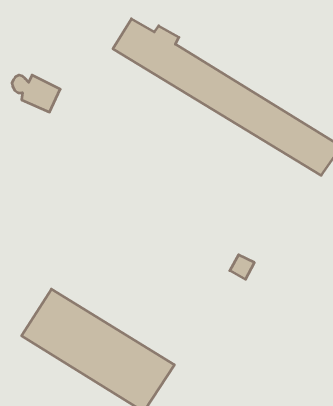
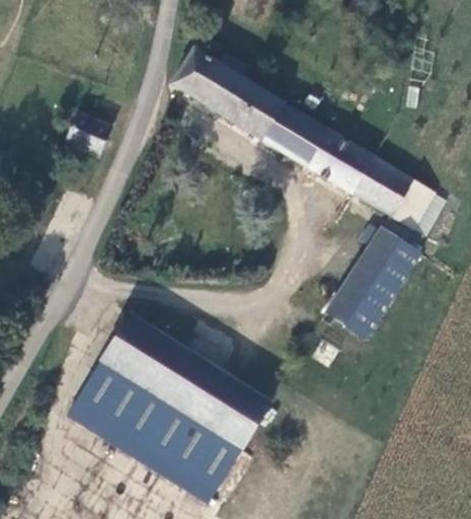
building: none -> [329,233,420,340]
building: none -> [102,318,271,449]

